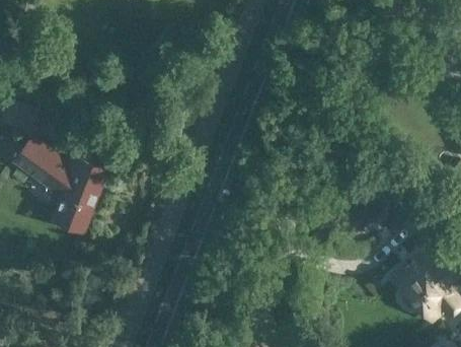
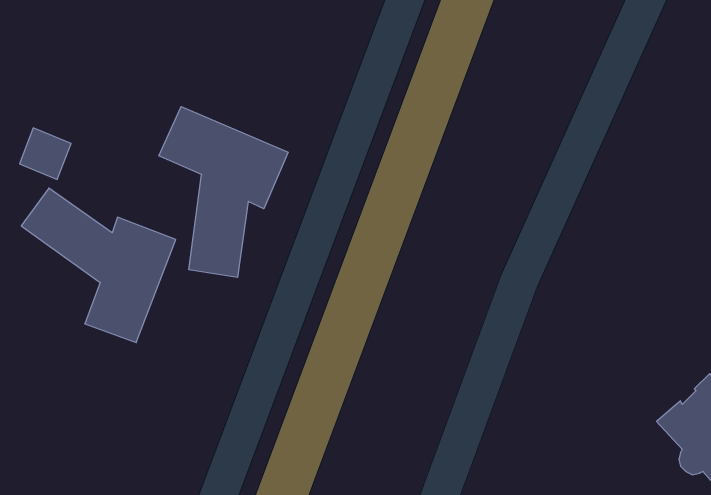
building: none -> [159,107,288,277]

